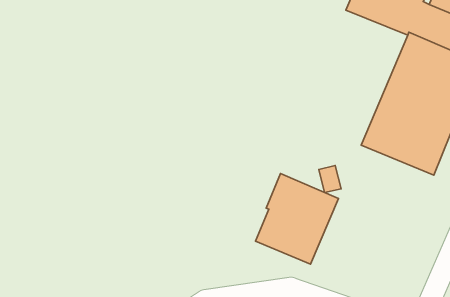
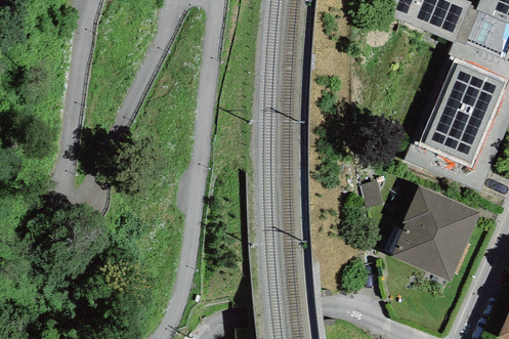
building: [255,173,339,264] -> [391,184,479,281]

